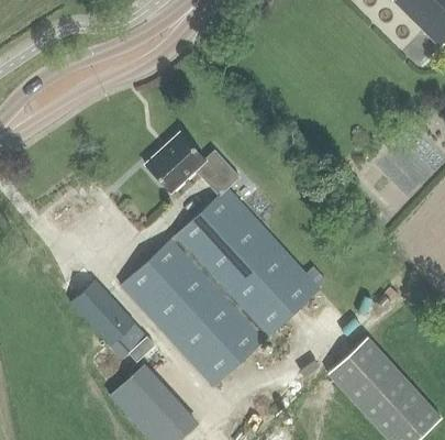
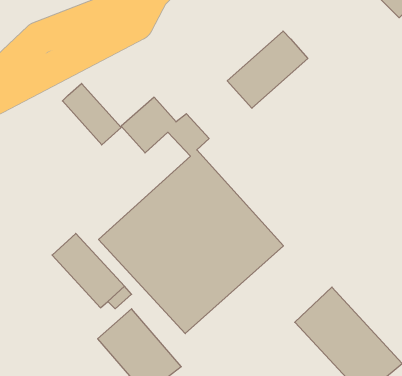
building: none -> [227,31,308,108]
building: none -> [62,83,121,145]

